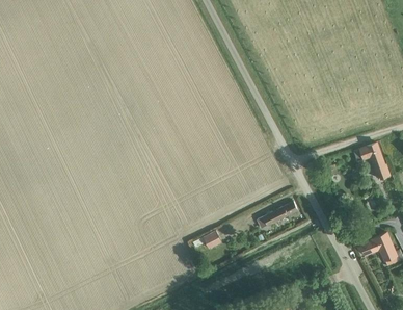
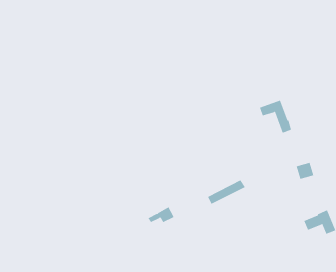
building: [354,143,389,179] -> [259,100,292,134]

